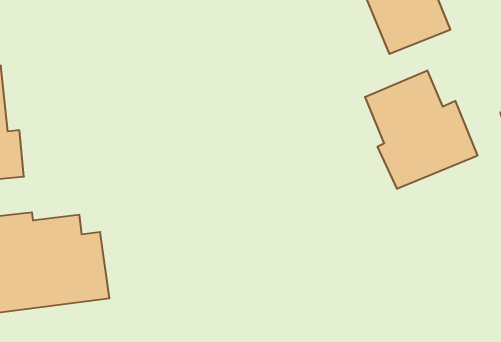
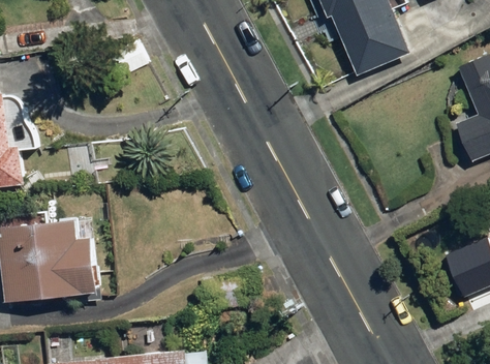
building: [365,70,477,189] -> none

